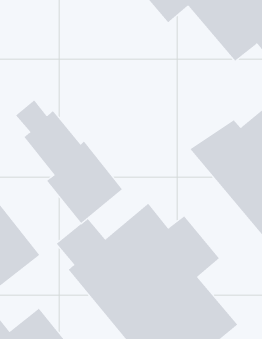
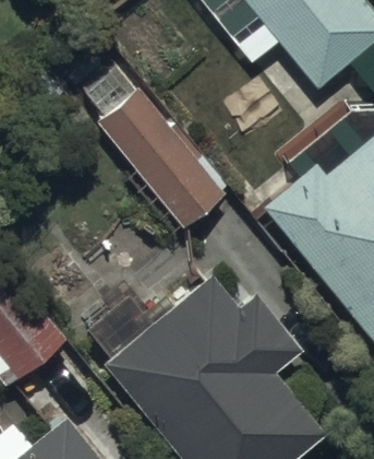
building: [15,99,123,224] -> [87,73,227,235]

